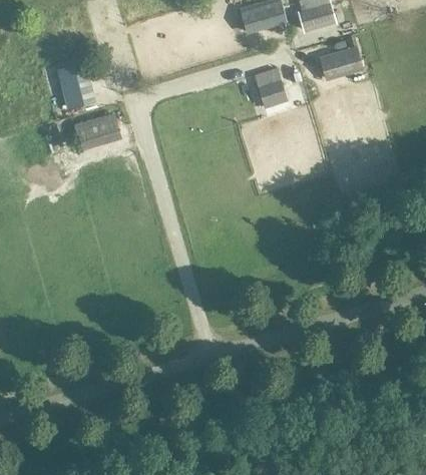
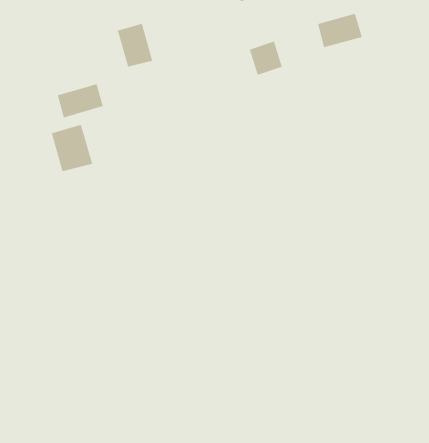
building: [58,64,92,106] -> [117,23,153,68]
building: none -> [51,124,93,172]

